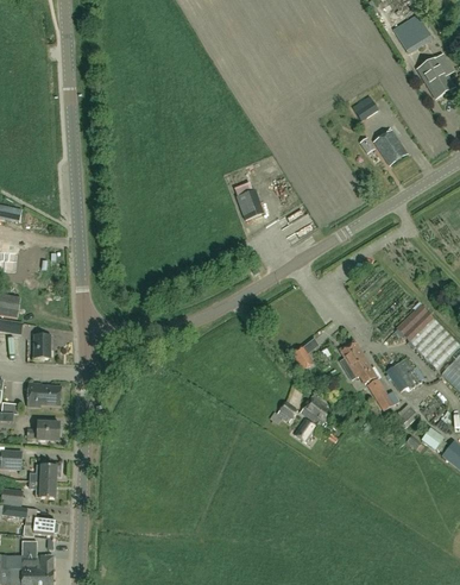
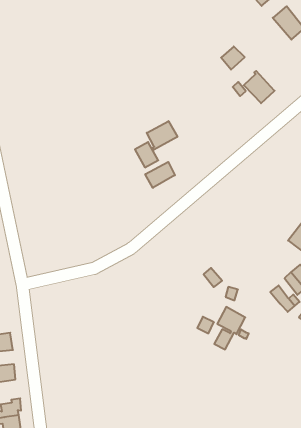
building: none -> [147,121,177,150]
building: none -> [145,162,175,188]
building: [338,341,376,383] -> none

